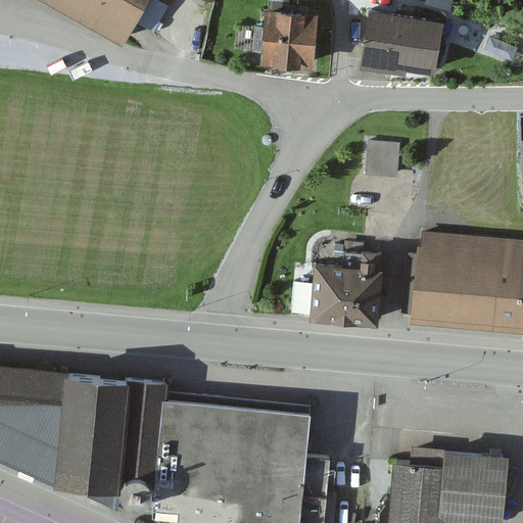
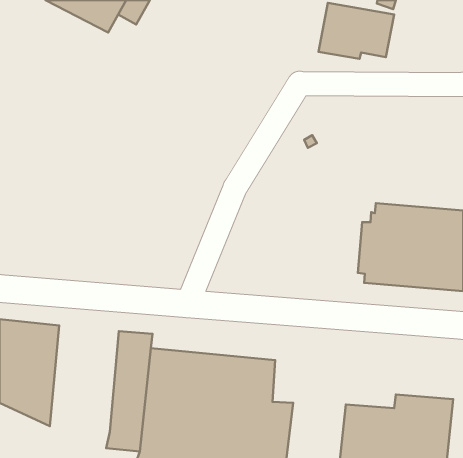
building: [262,10,318,66] -> none
building: [366,144,400,180] -> none
building: [292,250,384,324] -> none
building: [56,373,134,492] -> none

